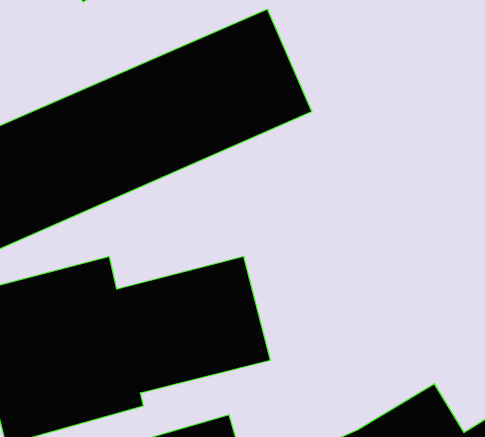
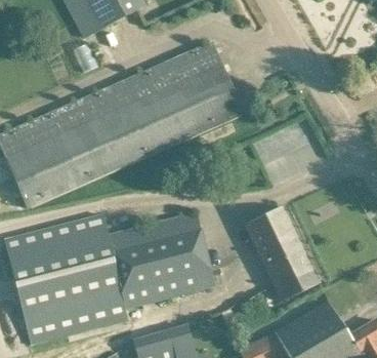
building: none -> [244,207,319,302]

